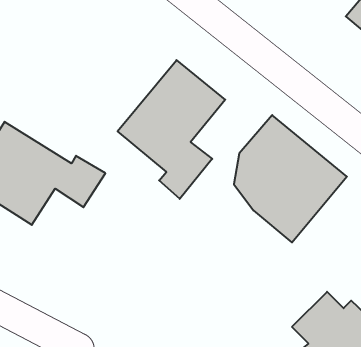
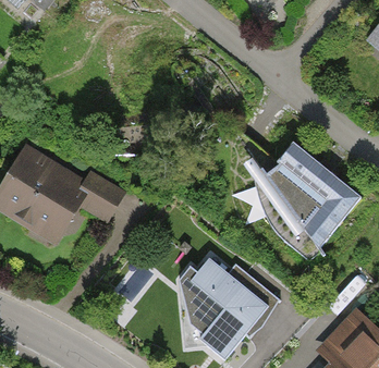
building: [118,60,225,199] -> none
building: none -> [180,246,273,361]

